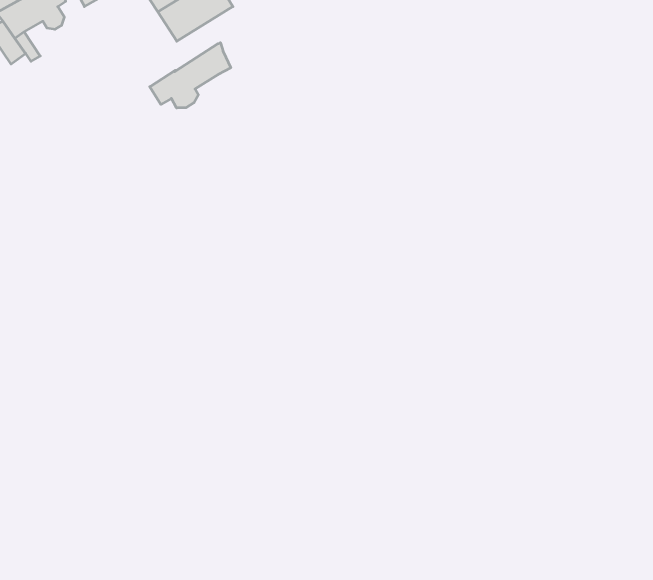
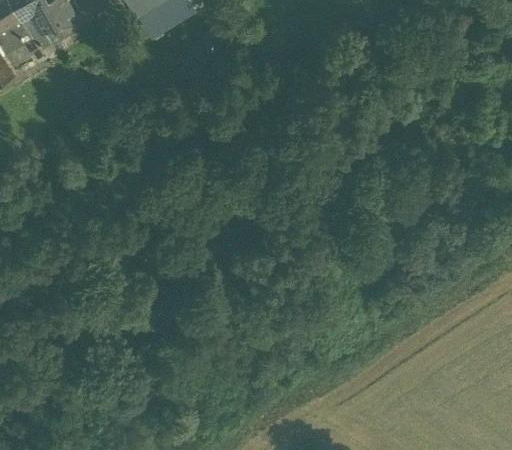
building: [150,43,231,108] -> none

